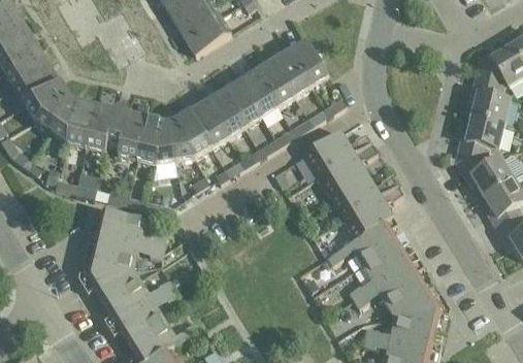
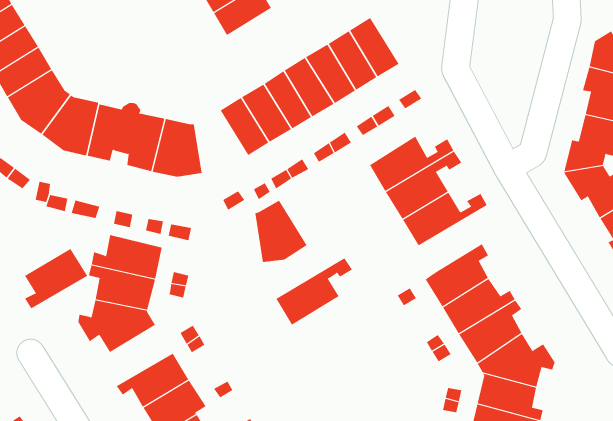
building: [169,111,210,160] -> [254,200,308,262]
building: [342,185,402,237] -> [276,257,353,325]
building: [103,277,153,325] -> [24,248,88,309]

